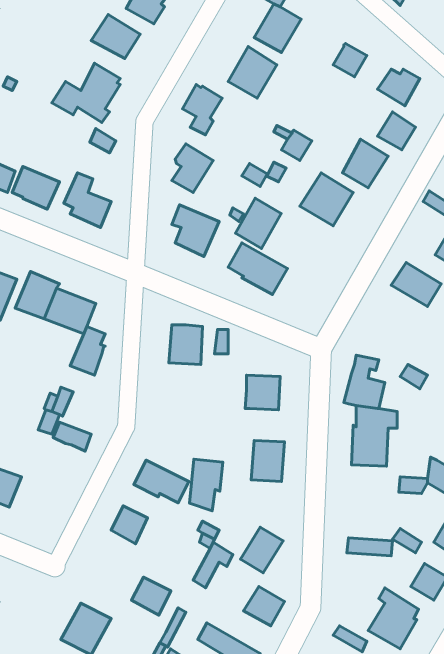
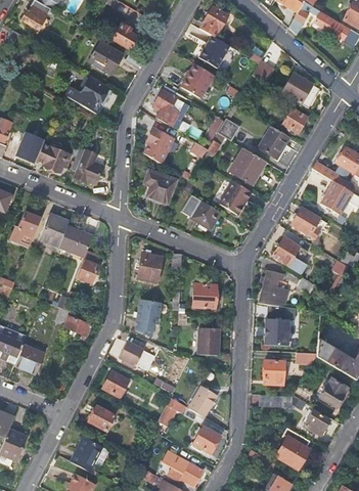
building: [235,198,281,248] -> [220,181,251,215]
building: none -> [273,236,308,273]
building: [189,459,223,511] -> [138,302,161,337]
building: none -> [264,360,284,385]
building: [131,577,171,615] -> [88,407,115,433]

